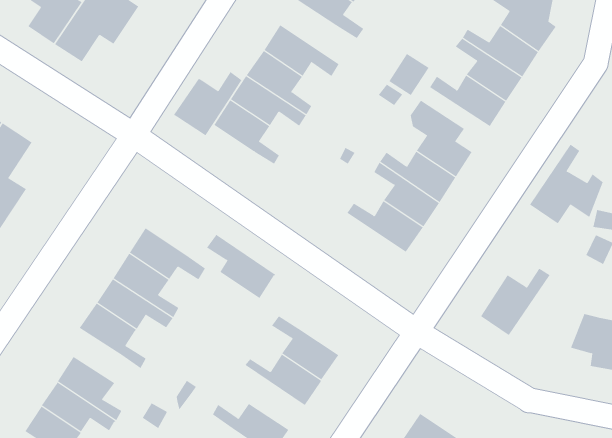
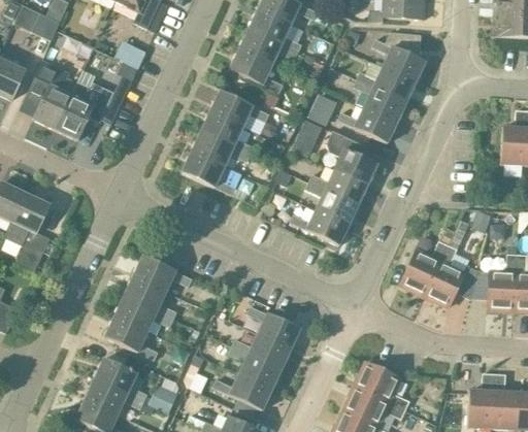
building: [173,71,242,136] -> none
building: [529,144,603,224] -> [424,246,476,307]
building: [206,234,276,299] -> [226,346,280,390]

